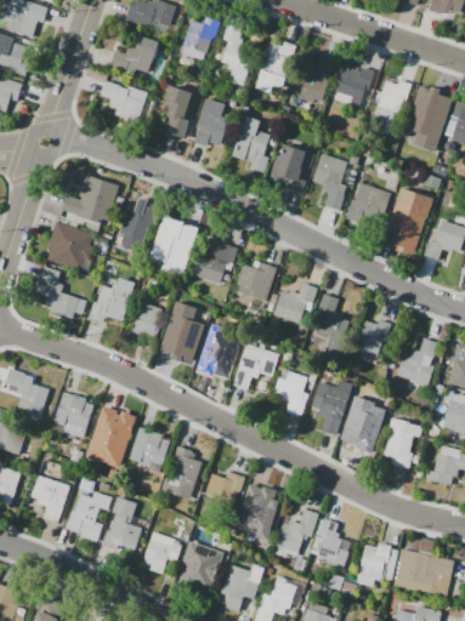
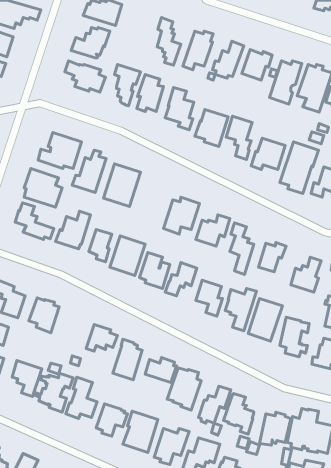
building: [182,16,221,59] -> none
building: [195,237,238,283] -> none
building: [86,406,137,468] -> none

